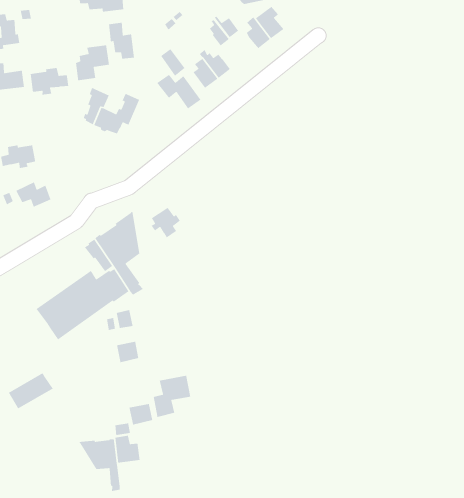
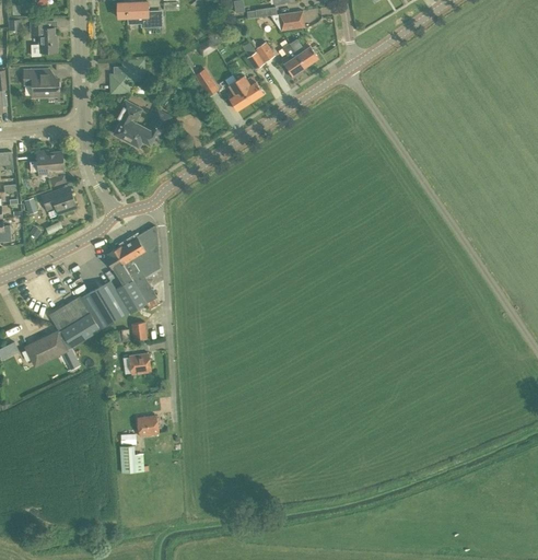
building: [108,22,135,59] -> none
building: [30,67,69,95] -> none
building: [156,74,202,109] -> none
building: [149,207,181,238] -> none
building: [8,372,54,410] -> [25,329,71,364]
building: [153,375,191,418] -> none
building: [79,438,121,492] -> none

